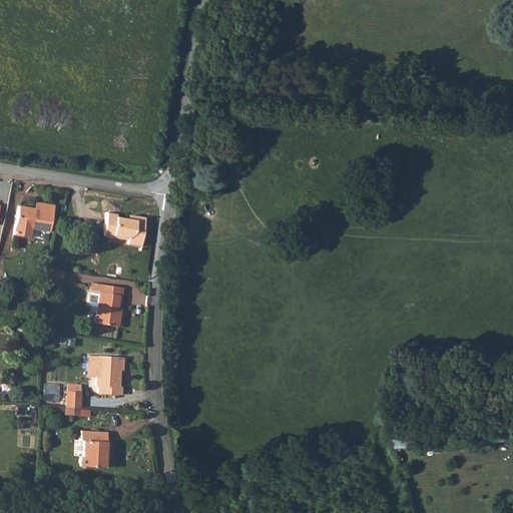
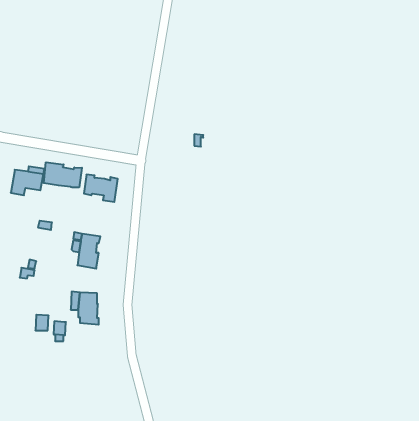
building: none -> [44,162,82,187]
building: [80,431,110,467] -> none

